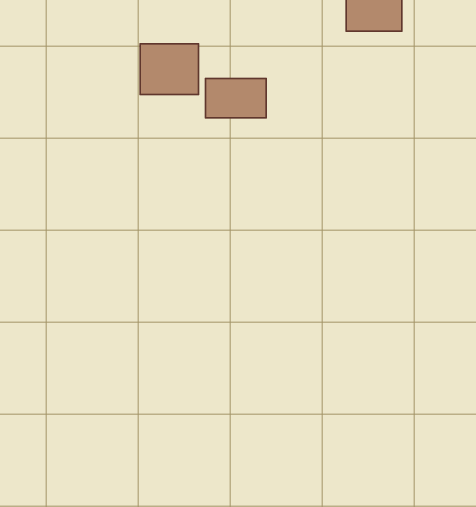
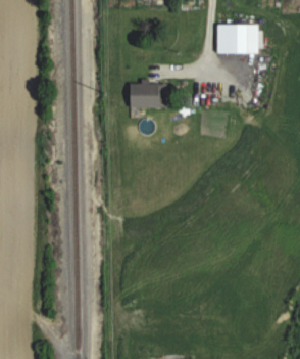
building: [140,44,199,94] -> none

